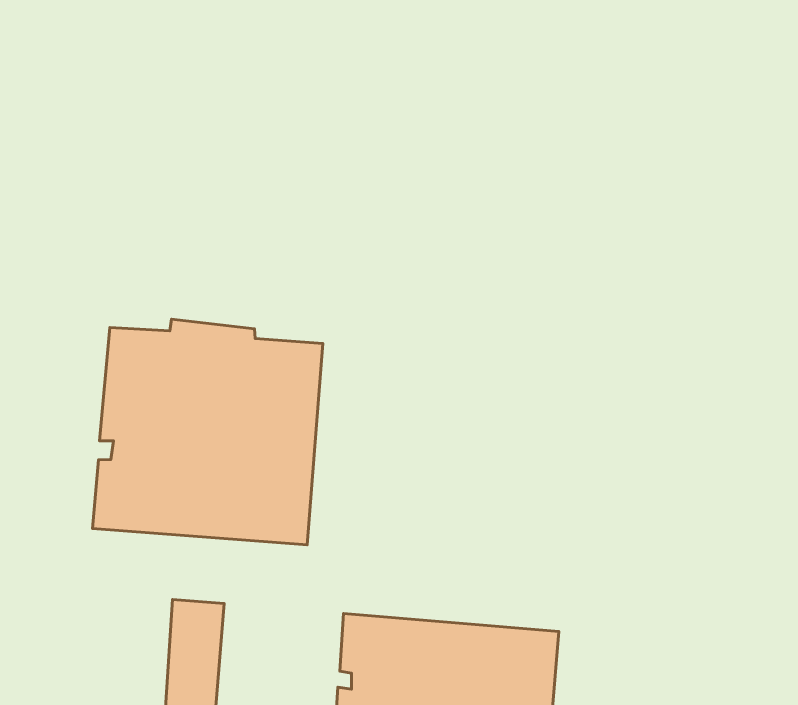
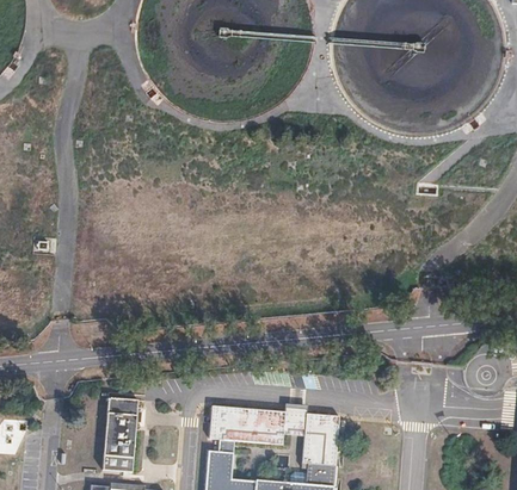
building: [93,319,323,545] -> none

